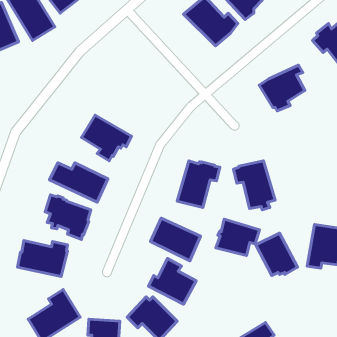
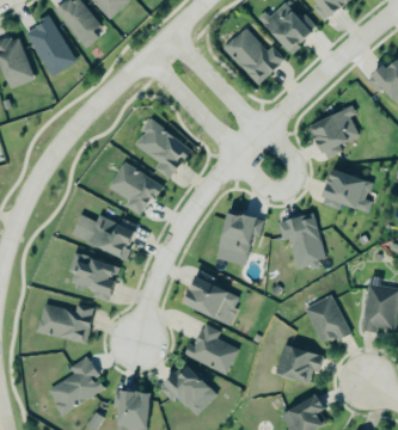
building: none -> [135,121,192,180]
building: none -> [322,168,373,214]
building: [216,219,259,255] -> [274,343,323,383]

